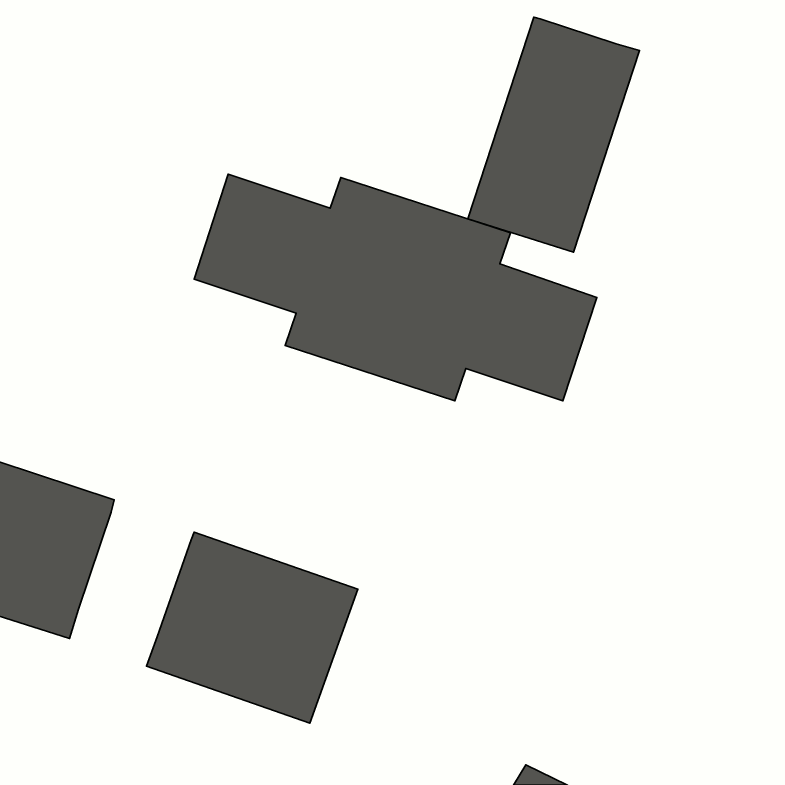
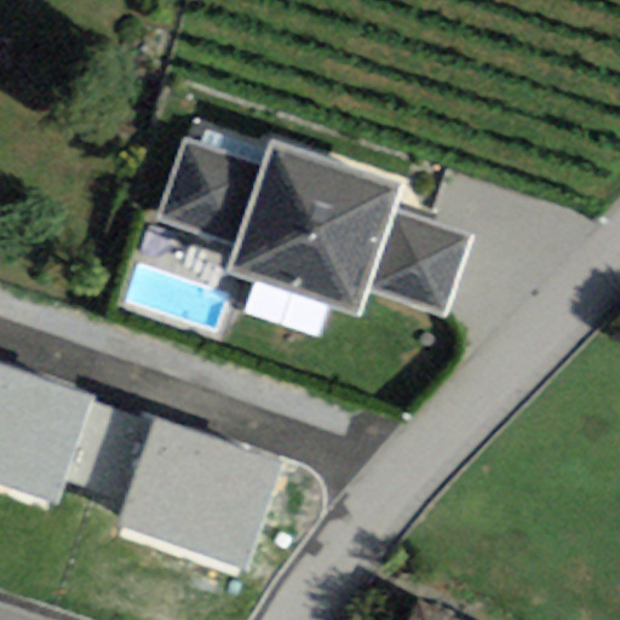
building: [468,17,639,252] -> none
building: none -> [62,402,150,500]

